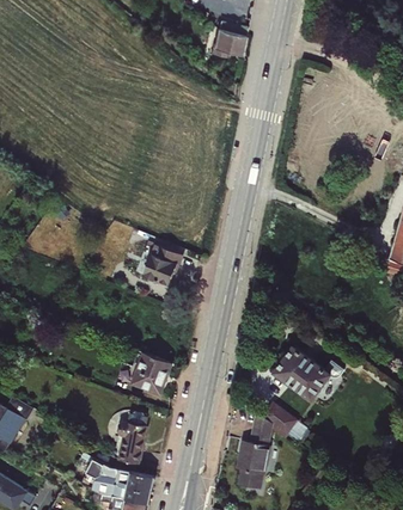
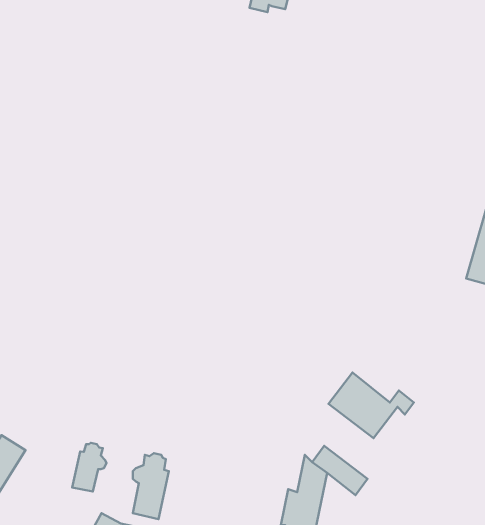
building: [144,244,181,285] -> none
building: [132,350,171,394] -> none
building: none -> [72,443,106,492]

